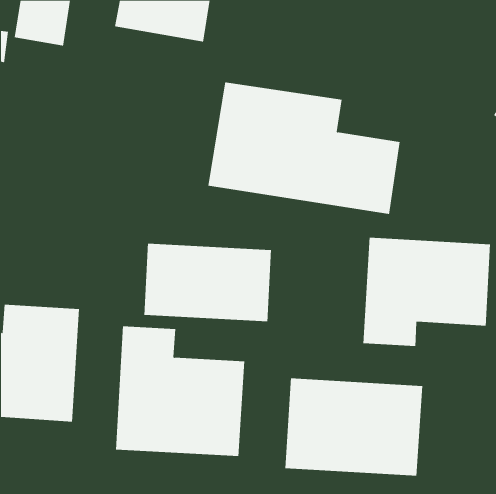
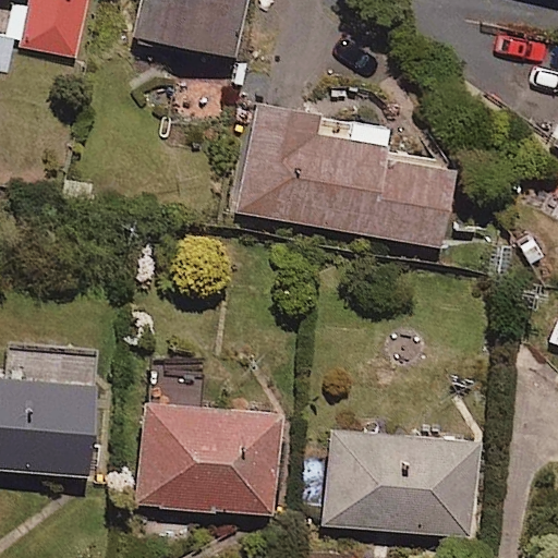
building: [363,237,491,347] -> none
building: [144,243,272,322] -> none

